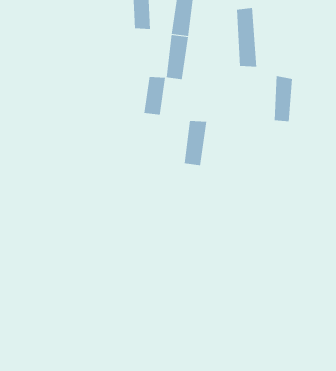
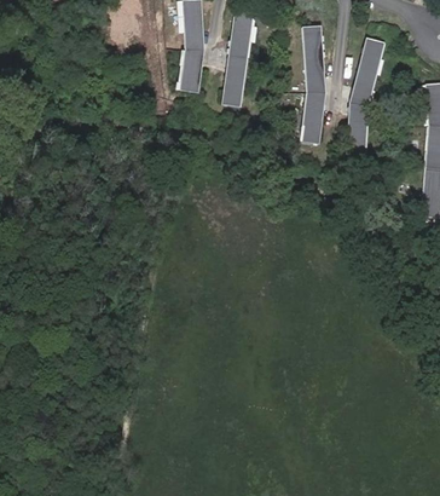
building: none -> [348,36,384,106]
building: [144,76,166,115] -> [179,48,204,93]
building: [184,121,207,166] -> [300,92,326,144]

